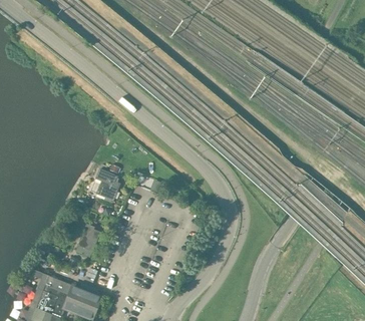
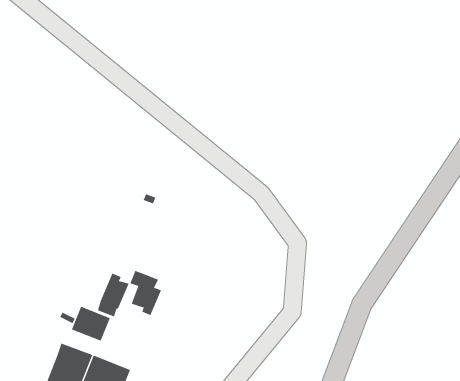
building: [95,170,119,204] -> [129,270,162,316]
building: none -> [71,306,111,342]

